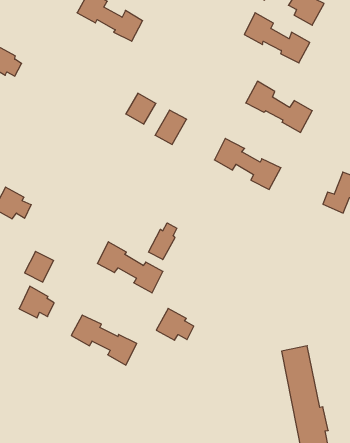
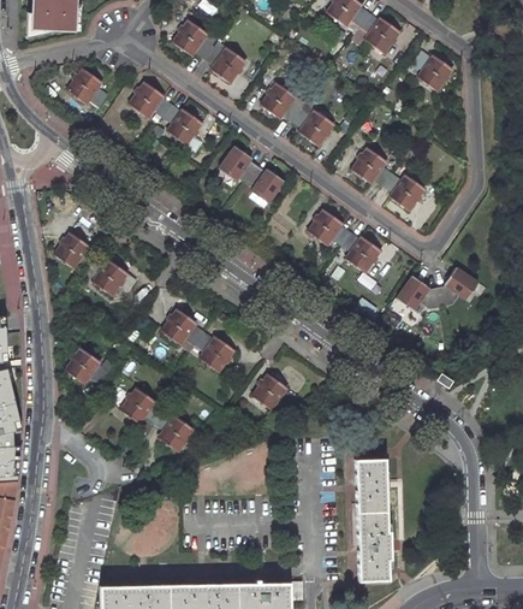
building: [244,13,310,63] -> [265,84,338,148]
building: none -> [130,81,204,146]
building: none -> [393,273,428,308]
building: [149,223,177,260] -> none
building: [25,251,54,282] -> [89,259,124,295]
building: [156,308,194,340] -> [251,374,295,413]

